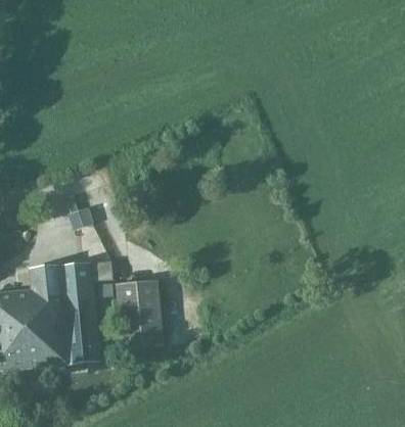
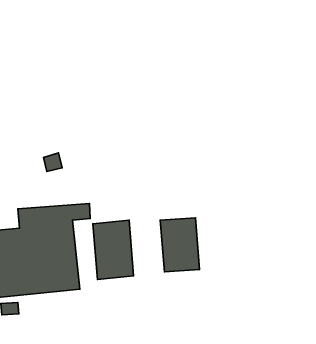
building: none -> [160,218,200,272]

